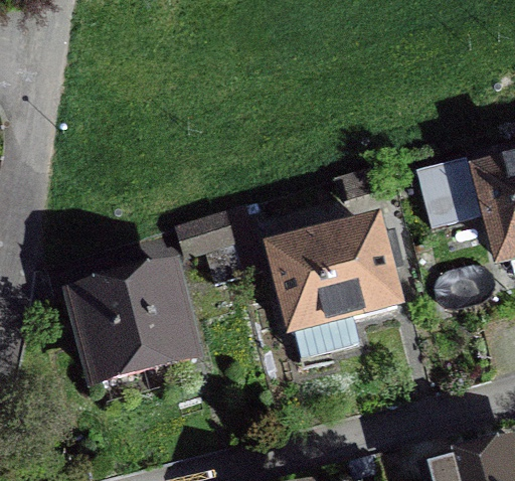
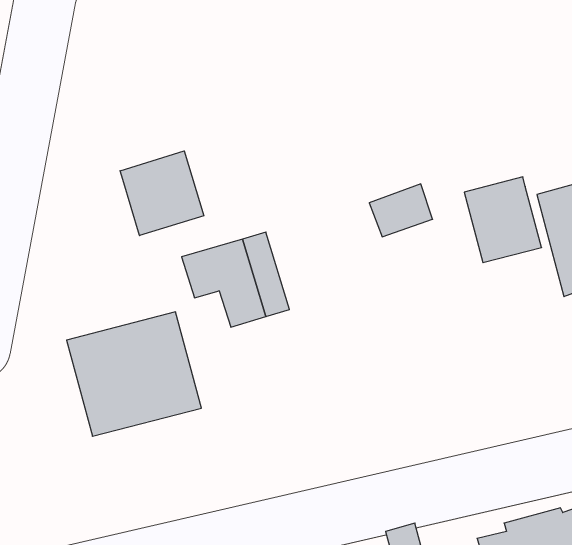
building: none -> [120,151,204,236]
building: [276,228,398,328] -> none

